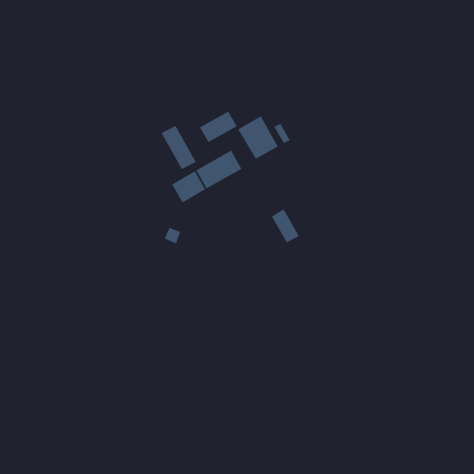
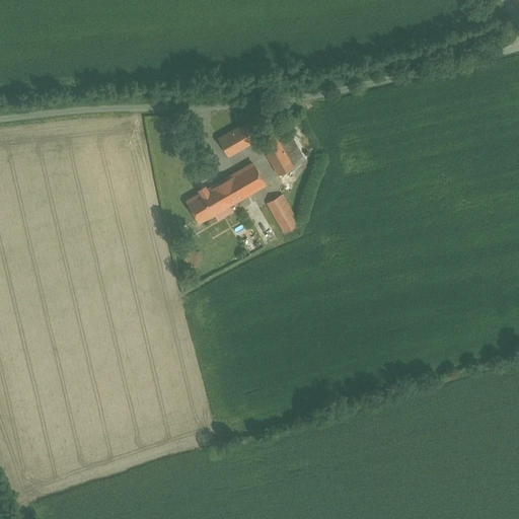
building: [160,125,197,170] -> none
building: [271,208,300,244] -> [267,195,298,233]

